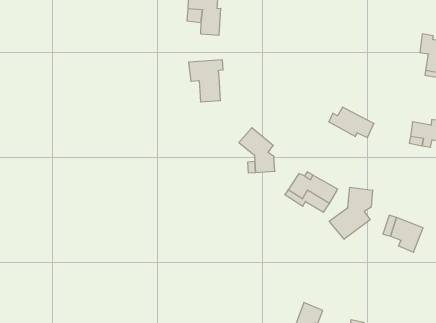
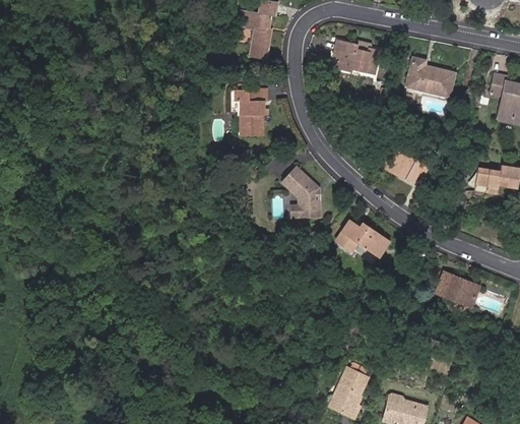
building: none -> [330,43,378,76]
building: none -> [404,59,452,100]
building: [329,187,373,239] -> none

